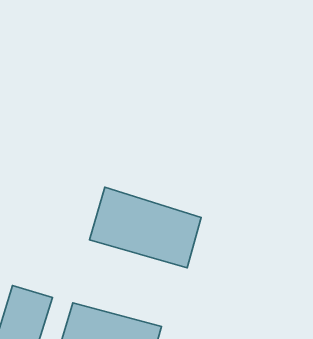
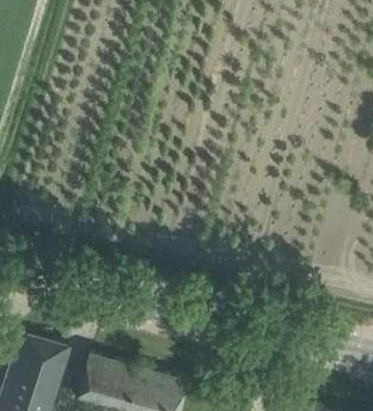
building: [90,187,201,268] -> none

